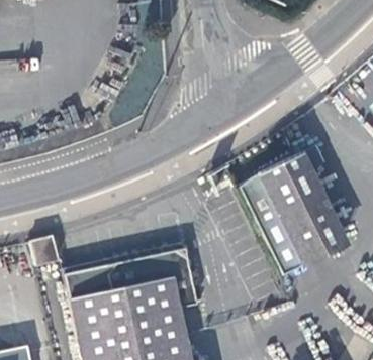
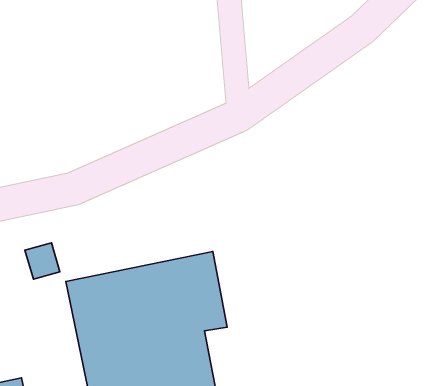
building: [238,155,342,275] -> none

